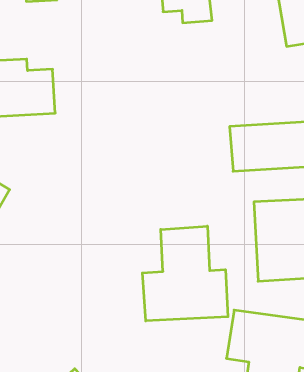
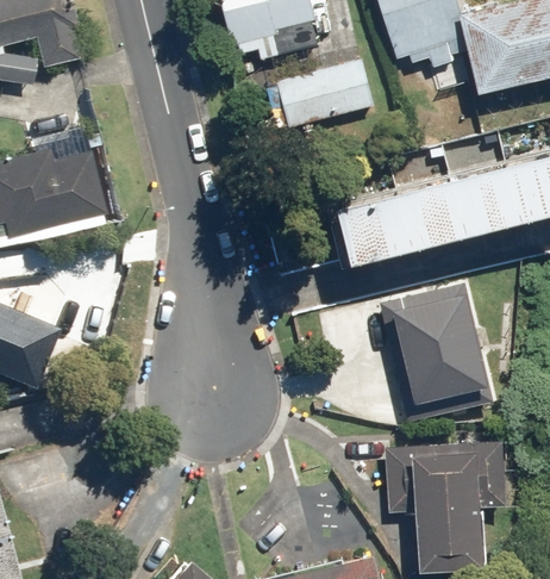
building: none -> [276,63,370,130]
building: [142,226,228,321] -> none

